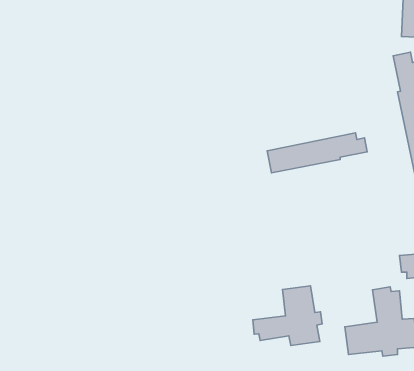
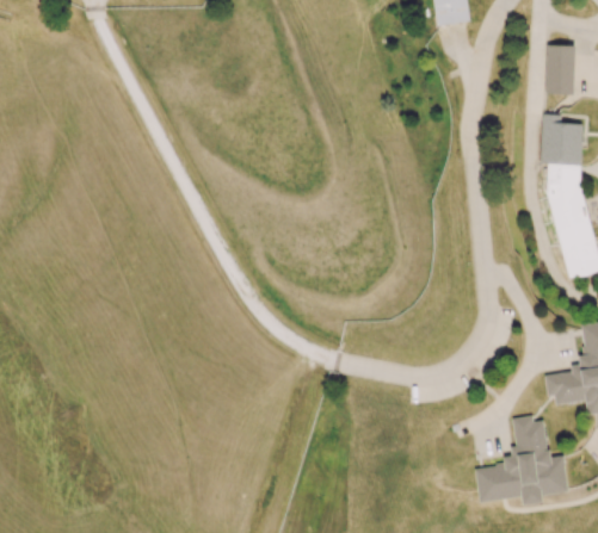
building: [267,133,367,173] -> none
building: [253,286,322,345] -> none

